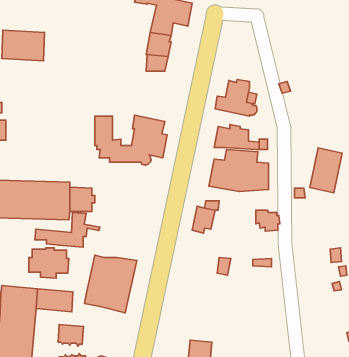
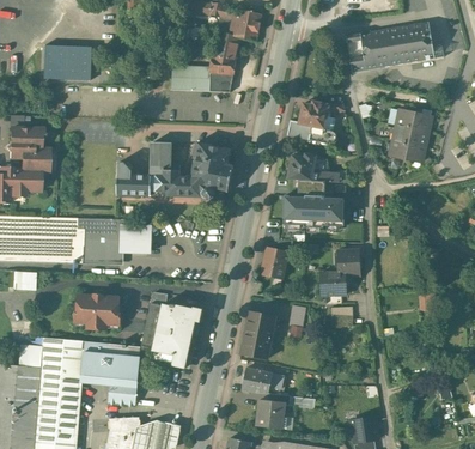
building: none -> [342,22,434,72]
building: none -> [171,67,209,92]
building: none -> [116,163,156,195]
building: [310,148,342,193] -> [391,110,428,162]
building: [35,213,100,247] -> [81,345,156,384]
building: none -> [318,271,346,296]
building: none -> [240,311,274,358]
building: none -> [240,368,272,394]

